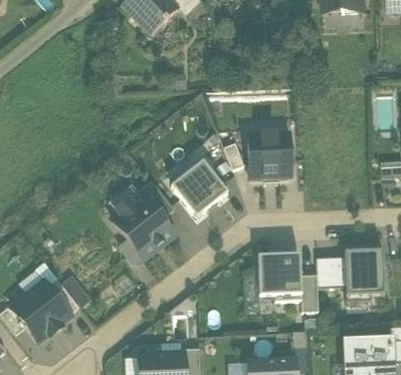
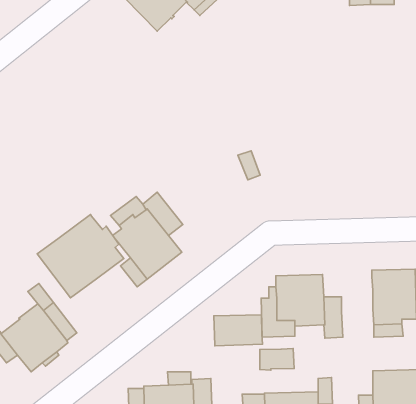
building: [247,133,291,176] -> none
building: [171,160,227,217] -> none
building: none -> [37,214,124,298]
building: [316,256,345,287] -> none
building: none -> [214,315,262,346]
building: none -> [260,349,294,370]

